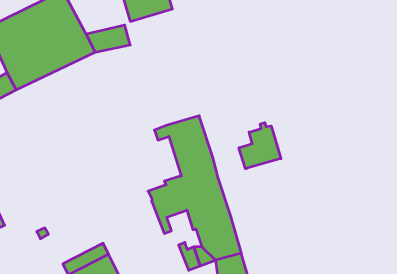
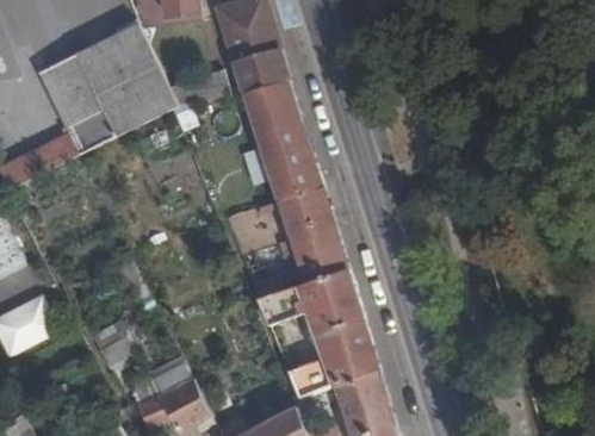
building: none -> [228,48,320,203]
building: [239,123,281,169] -> none

